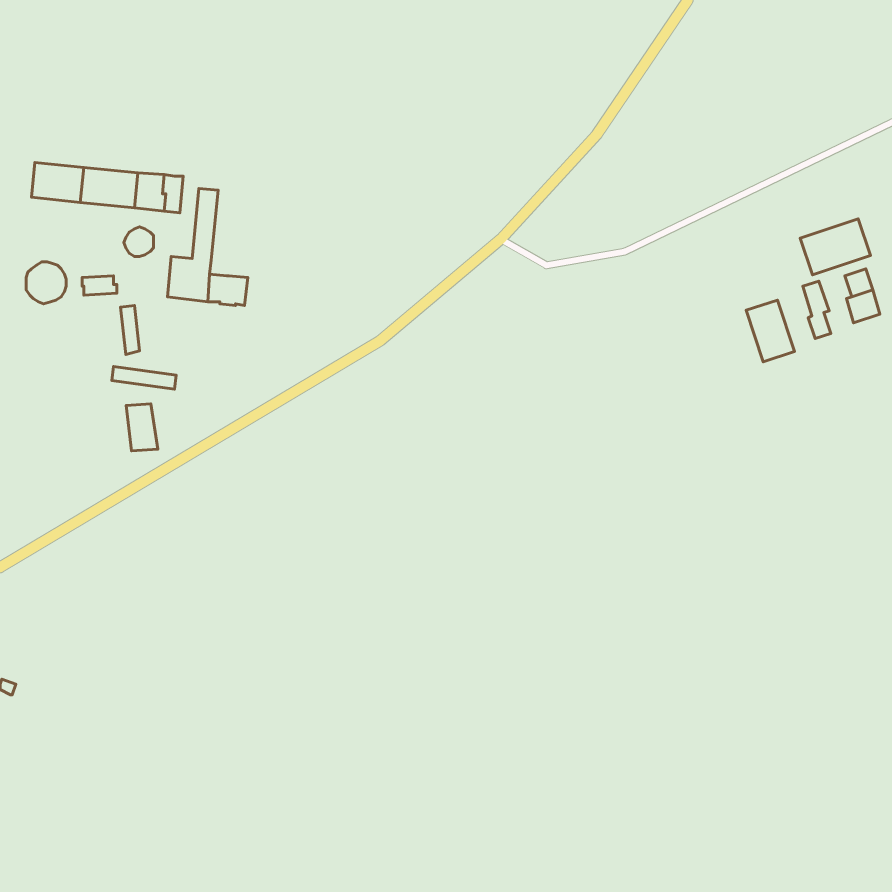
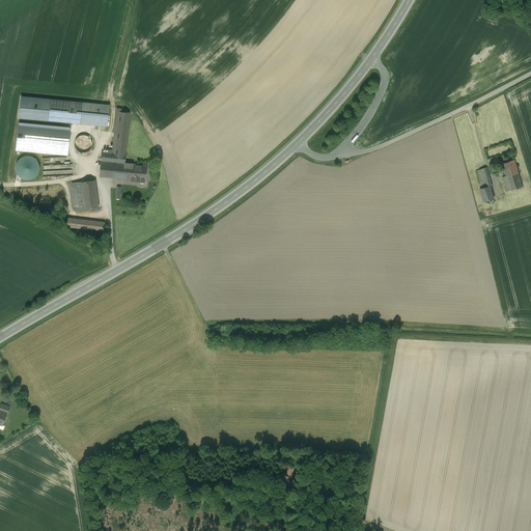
building: none -> [16,123,69,155]
building: [800,219,870,275] -> none
building: [746,300,795,362] -> none
building: [126,404,158,451] -> [80,180,99,208]

